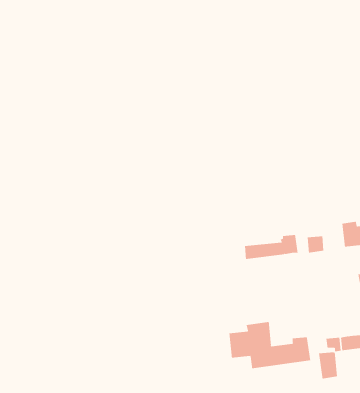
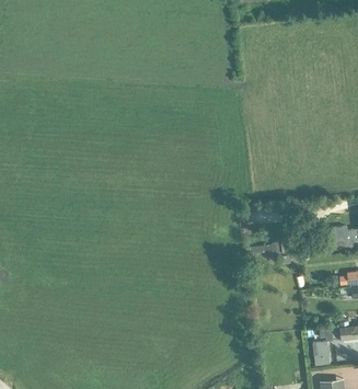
building: [229,321,311,369] -> none

